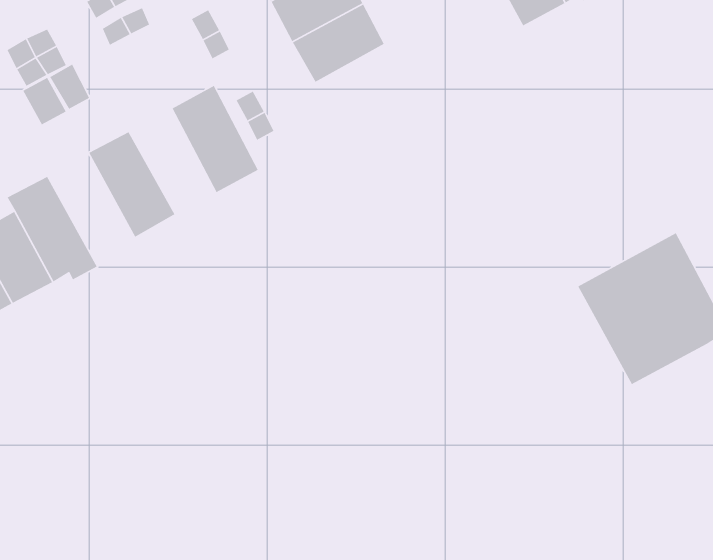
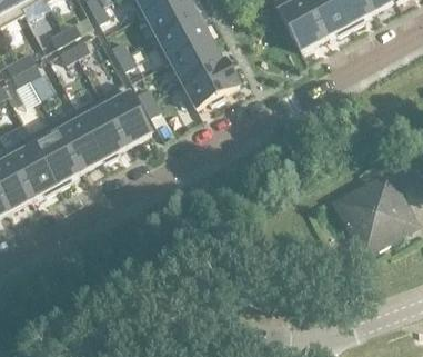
building: none -> [182,59,239,107]
building: none -> [75,97,125,158]
building: none -> [29,122,79,188]

